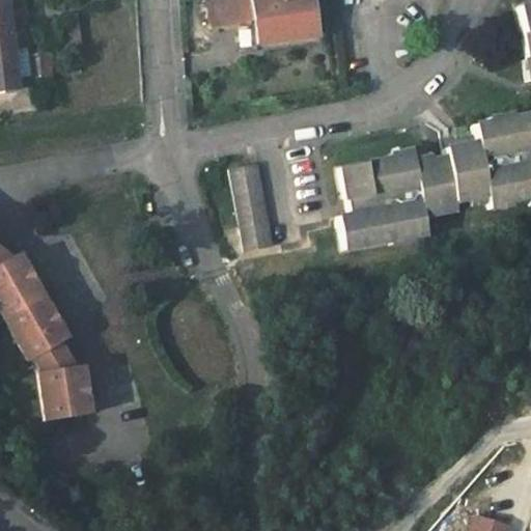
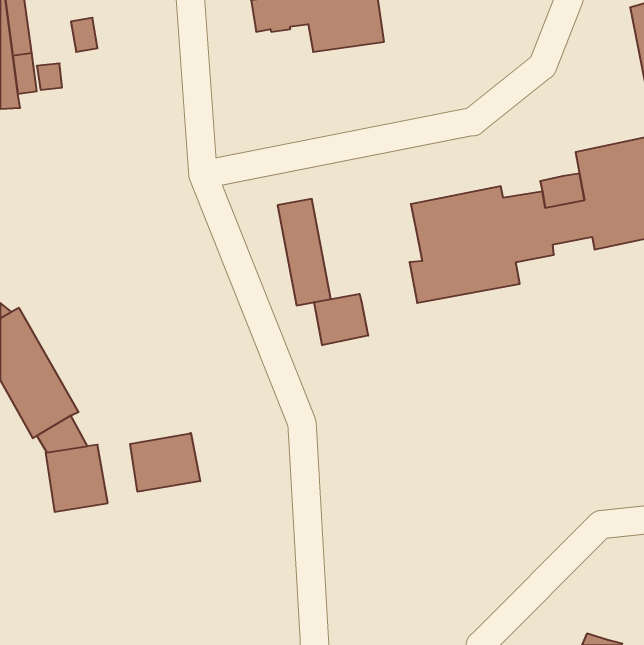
building: none -> [314,294,368,345]
building: none -> [130,433,200,492]

